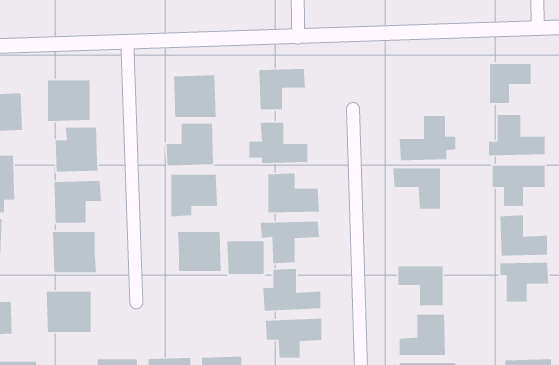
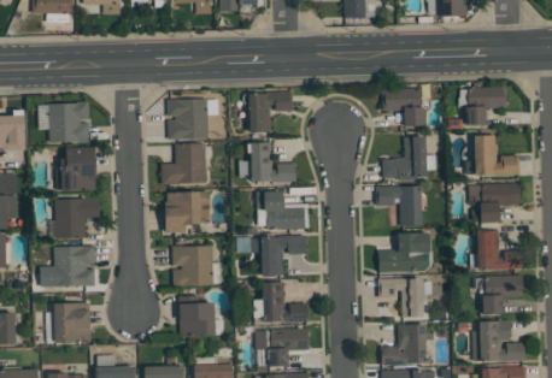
building: none -> [382,88,423,125]
building: none -> [377,232,429,272]
building: [226,241,265,275] -> [178,302,215,335]
building: none -> [472,320,524,361]

